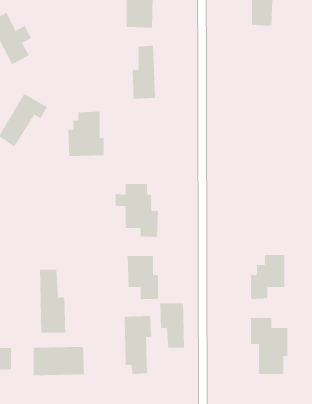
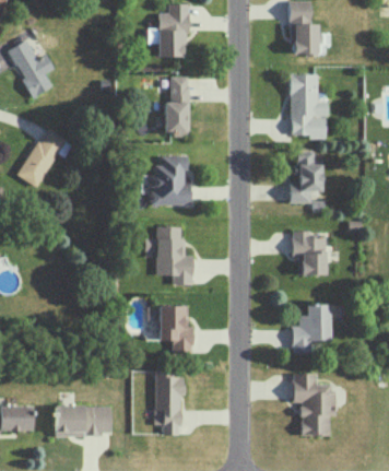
building: none -> [290,73,328,139]
building: [68,111,105,156] -> [150,155,190,204]
building: none -> [290,151,322,202]
building: none -> [293,231,327,274]
building: [40,269,66,334] -> none
building: [160,302,185,348] -> none

